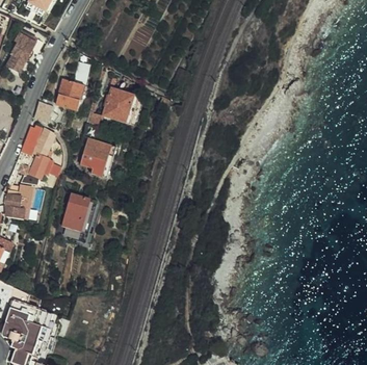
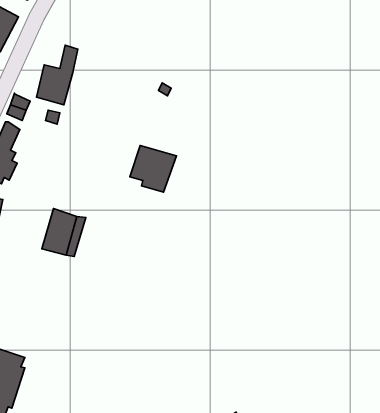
building: [102,89,139,127] -> none
building: [79,139,116,177] -> [130,146,177,192]

